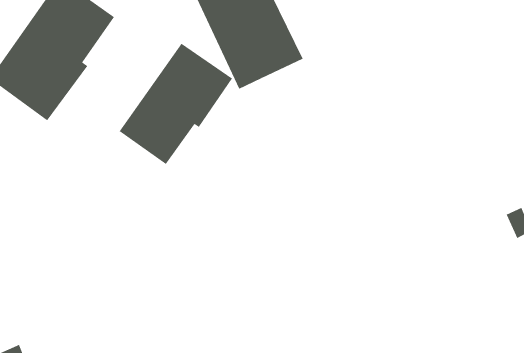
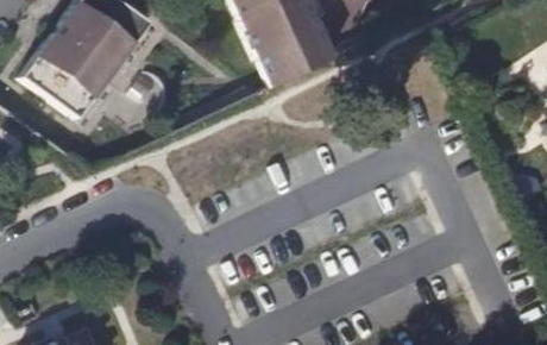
building: [119,43,233,165] -> none

